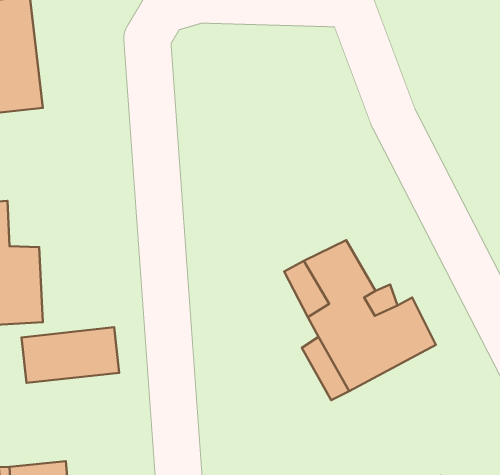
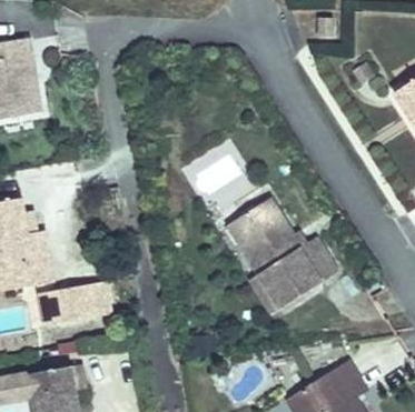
building: none -> [186,150,251,217]

